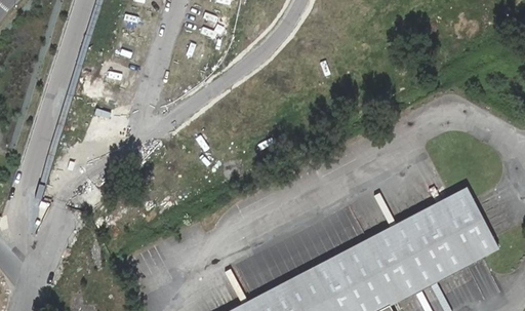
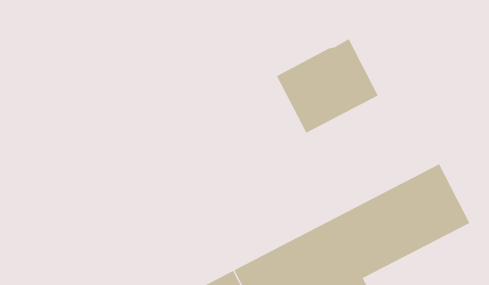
building: none -> [276,38,378,133]

